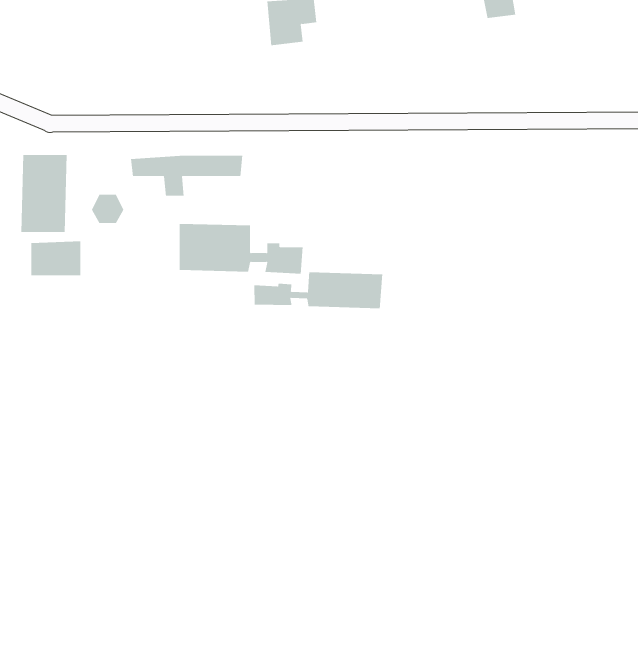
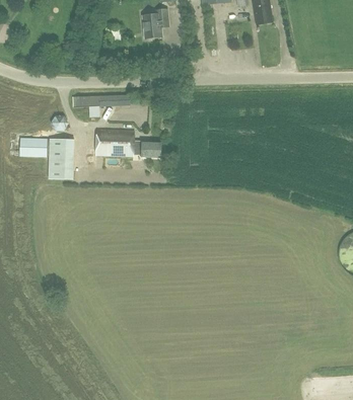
building: [21,155,67,233] -> [49,132,73,172]
building: [254,271,383,309] -> none

